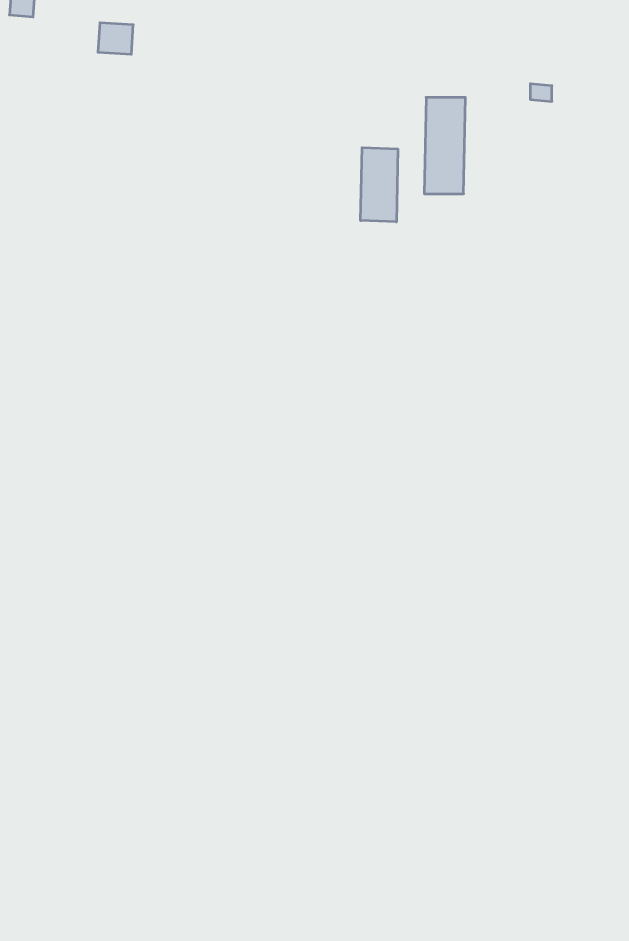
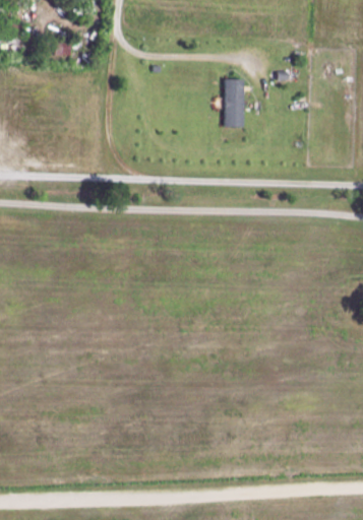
building: [361,148,398,222] -> none

